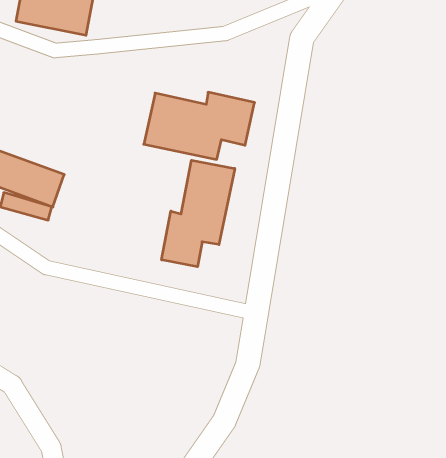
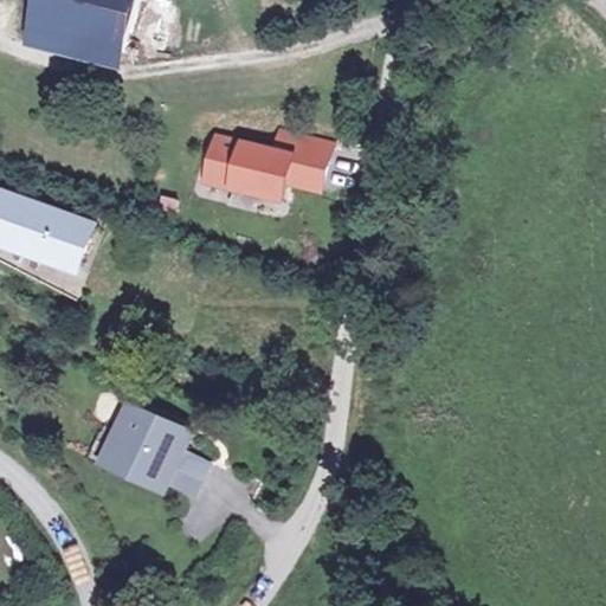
building: [162,160,235,267] -> none
building: none -> [98,398,205,489]

